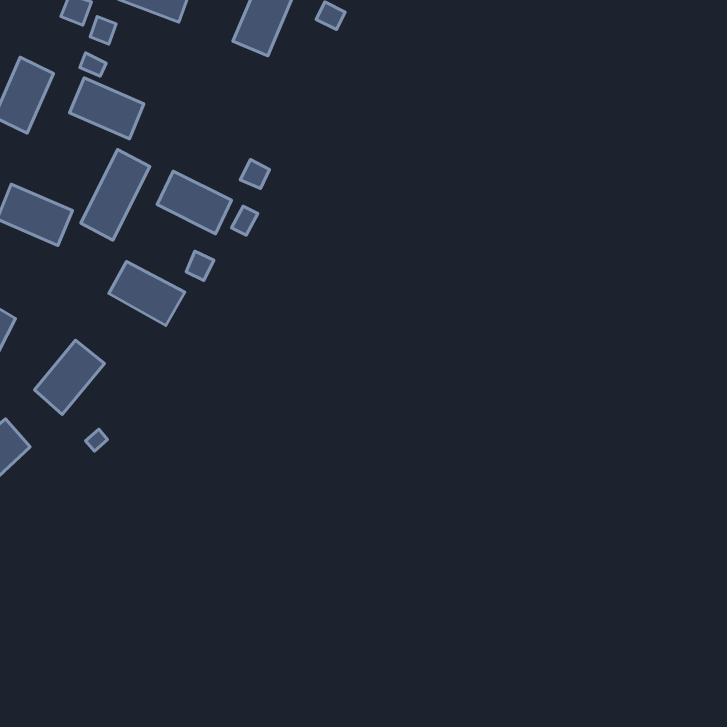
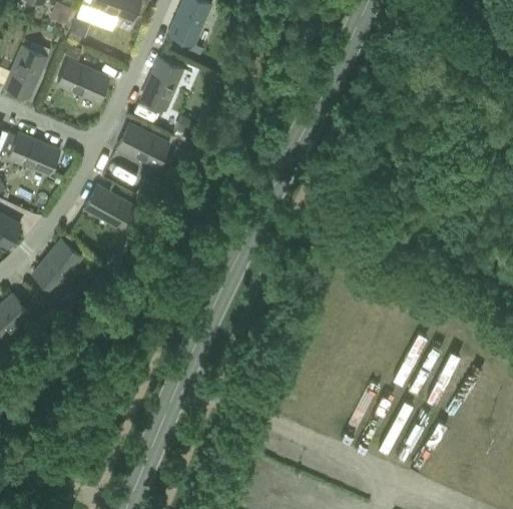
building: none -> [141,59,182,110]
building: [81,150,150,240] -> none

